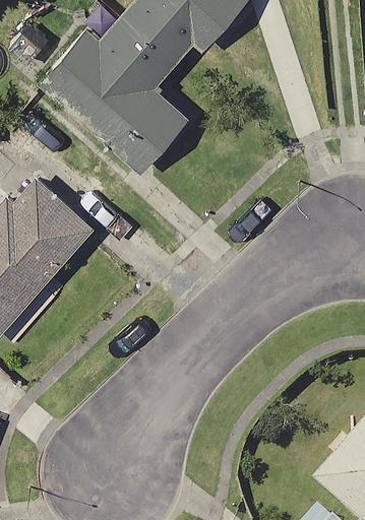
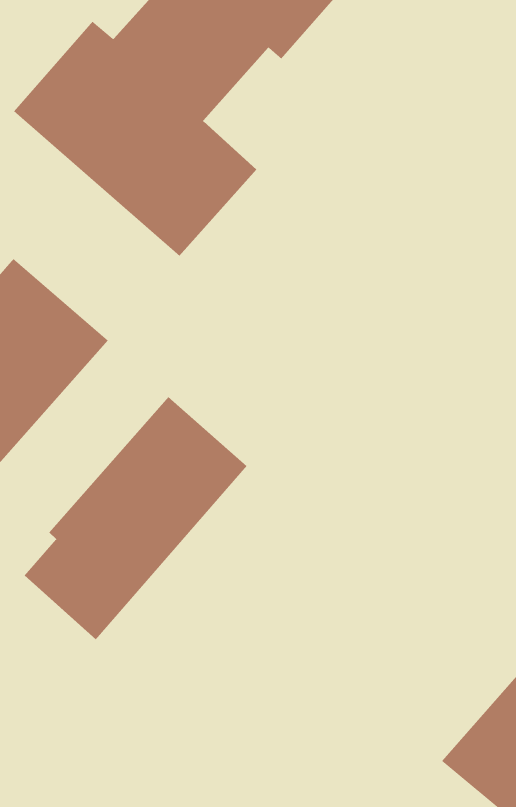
building: none -> [24,396,248,640]

